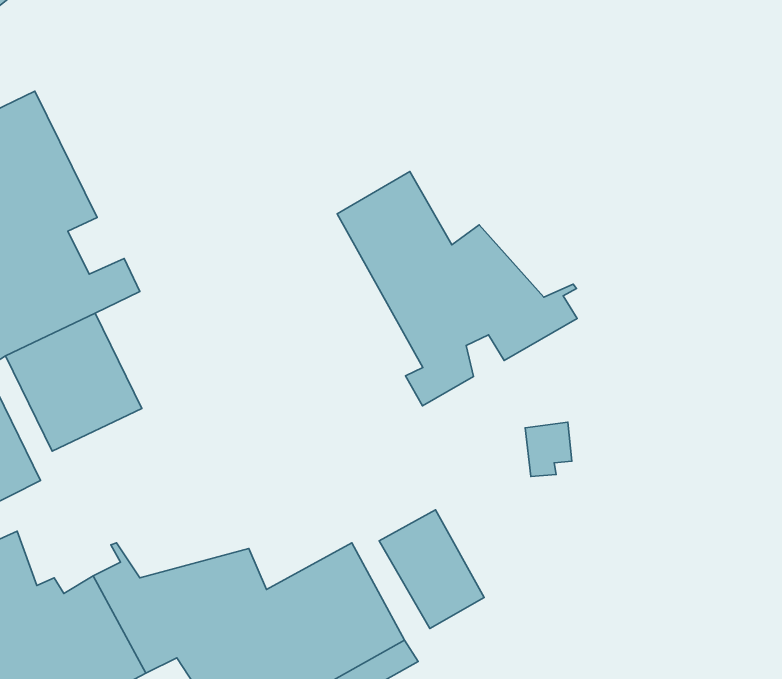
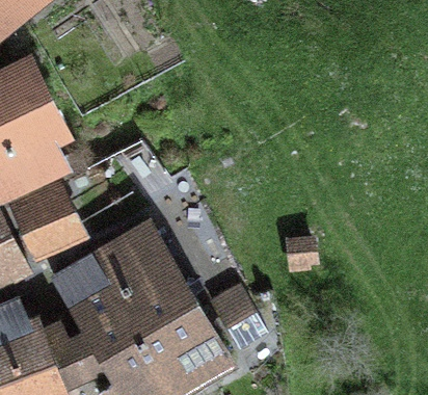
building: [337,171,577,406] -> none
building: none -> [55,220,197,328]

